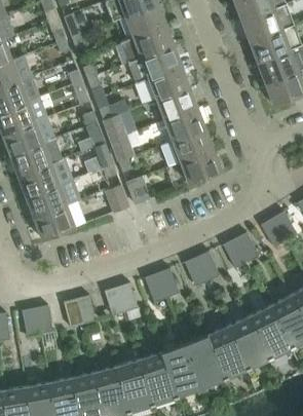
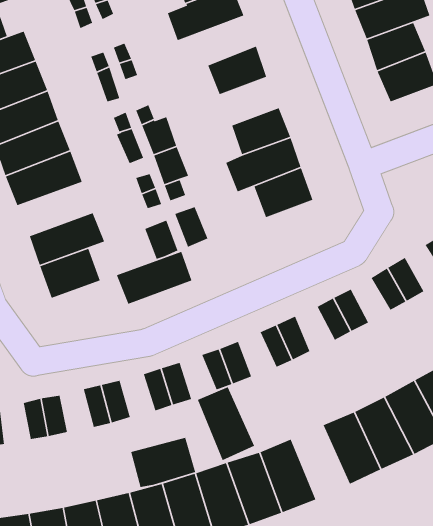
building: [127,45,182,82] -> none
building: [156,87,197,120] -> none
building: [17,159,70,196] -> [116,251,192,305]
building: [205,326,245,377] -> [197,386,255,461]
building: none -> [130,437,196,488]

